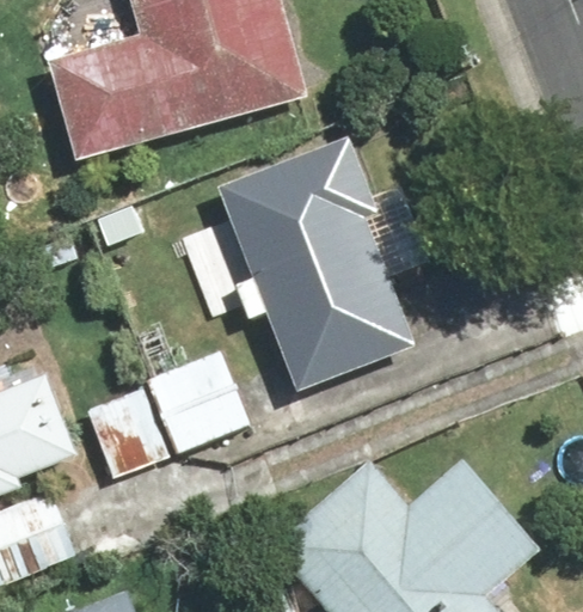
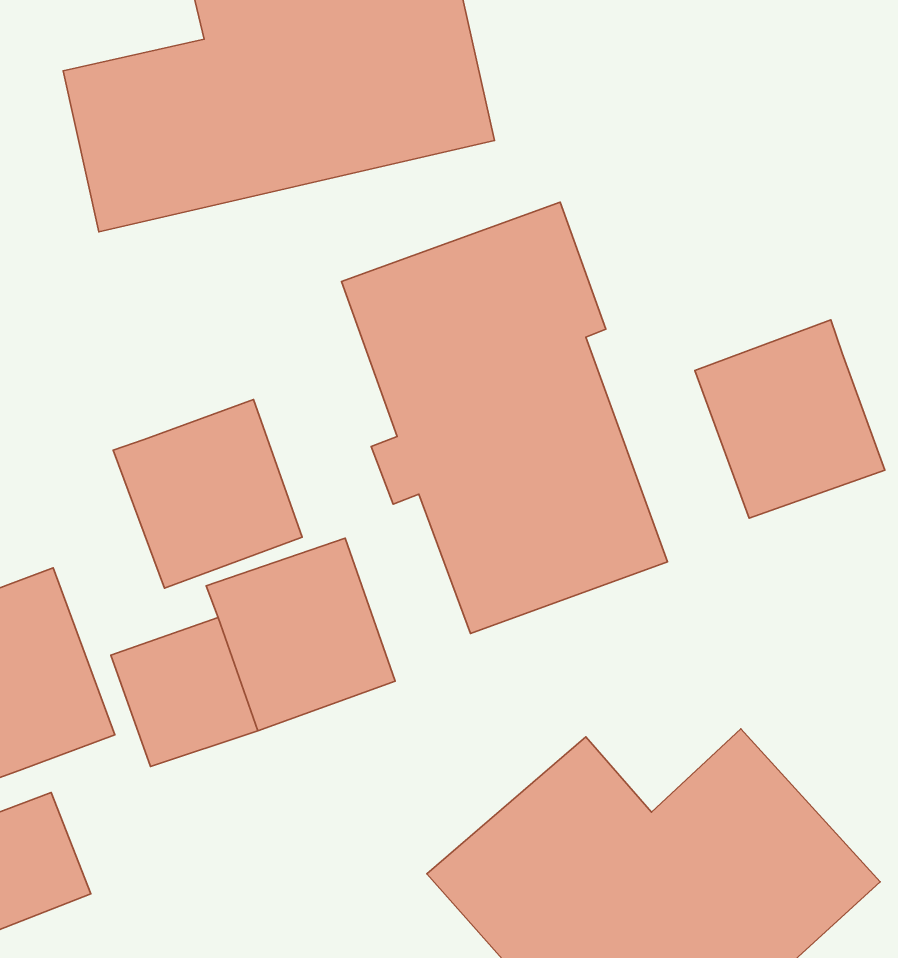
building: none -> [695,320,885,518]
building: none -> [113,399,302,588]

